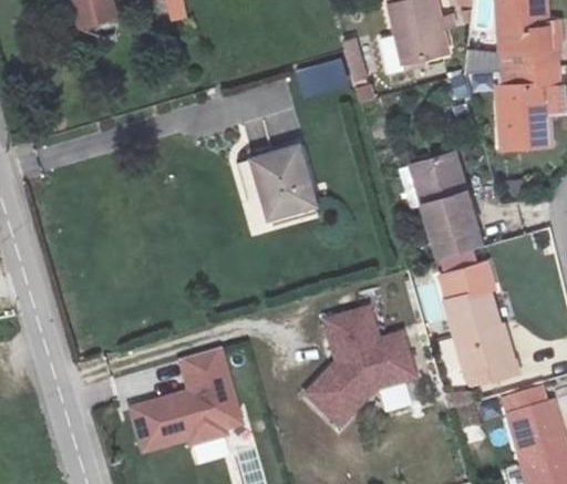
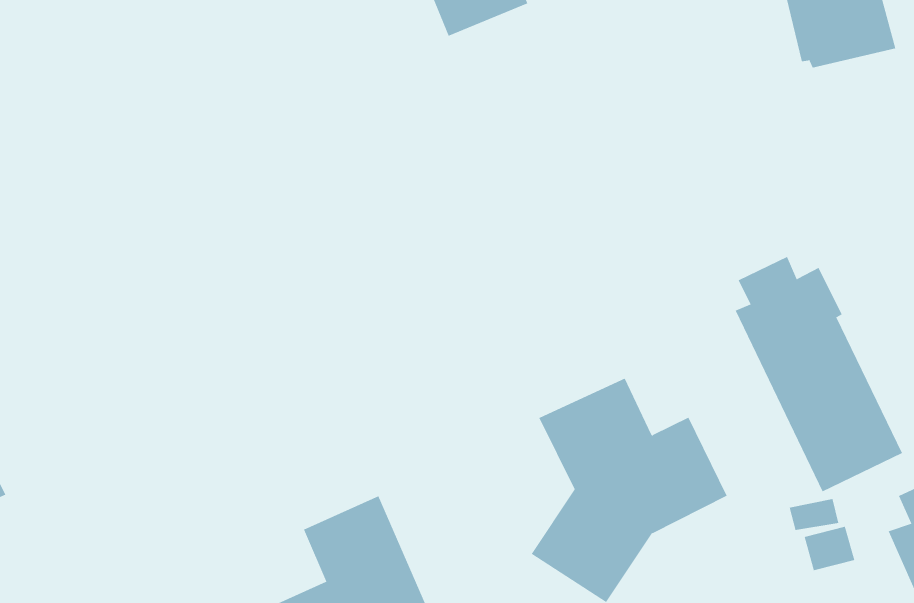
building: [248,146,307,216] -> none
building: [408,151,484,260] -> none

